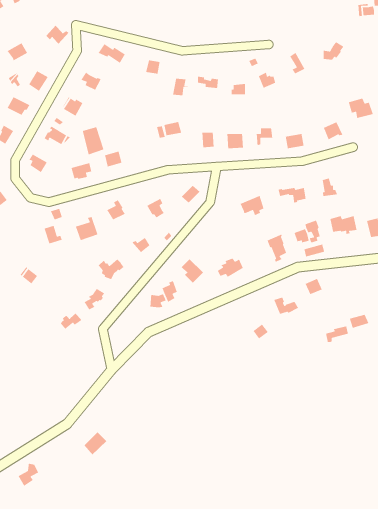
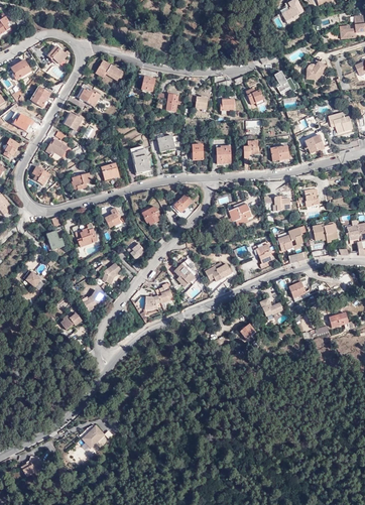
building: [82,126,105,155] -> [129,144,150,171]

